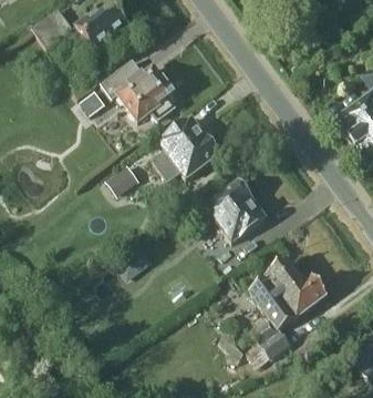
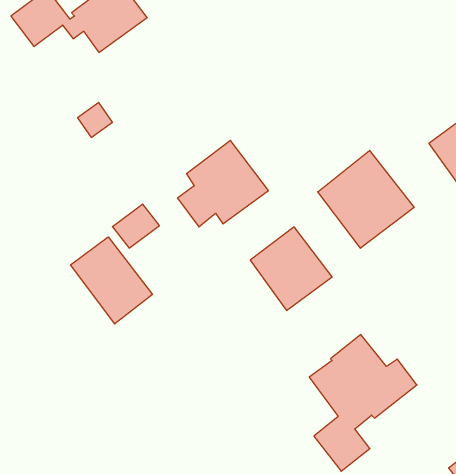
building: [102,63,176,124] -> none
building: none -> [318,150,414,248]
building: none -> [71,237,152,324]

